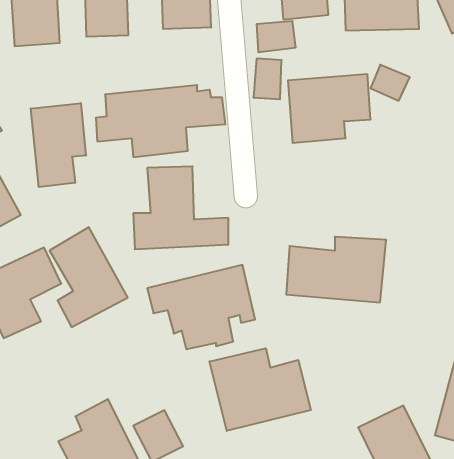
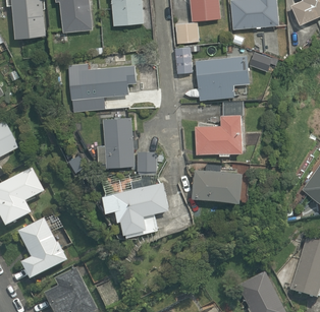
building: [31,103,86,187] -> none
building: none -> [193,115,247,153]
building: [50,227,128,327] -> [15,215,66,280]
building: [209,348,311,431] -> none

